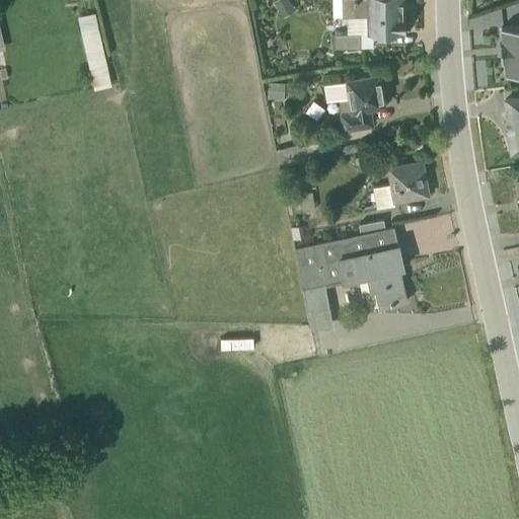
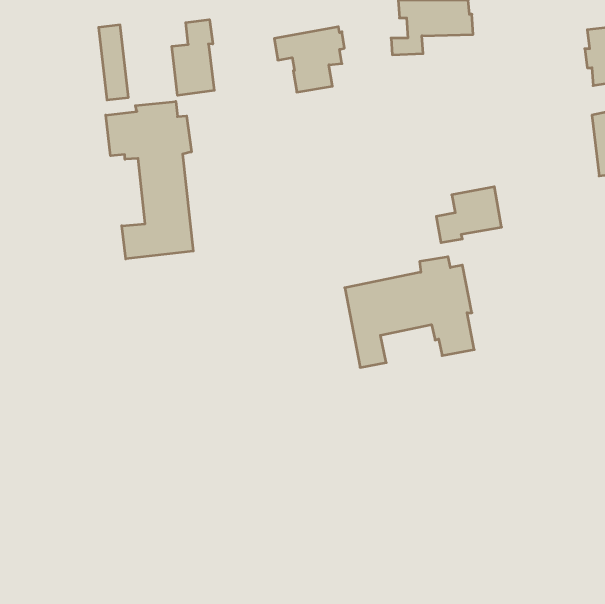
building: none -> [172,20,214,95]
building: [325,77,385,133] -> [274,27,344,92]
building: none -> [106,101,193,259]

